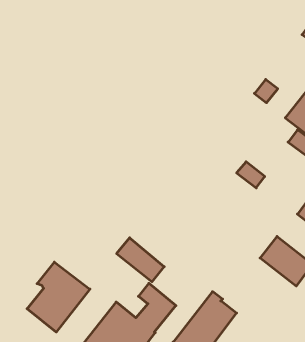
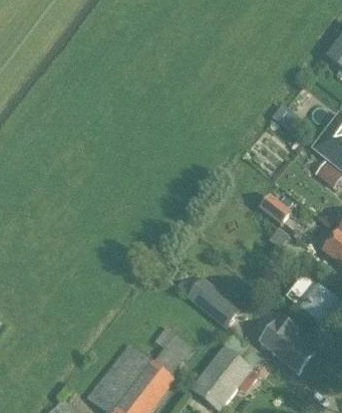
building: [117,238,164,282] -> [189,277,240,325]
building: [27,262,90,332] -> none
building: none -> [260,315,315,372]

